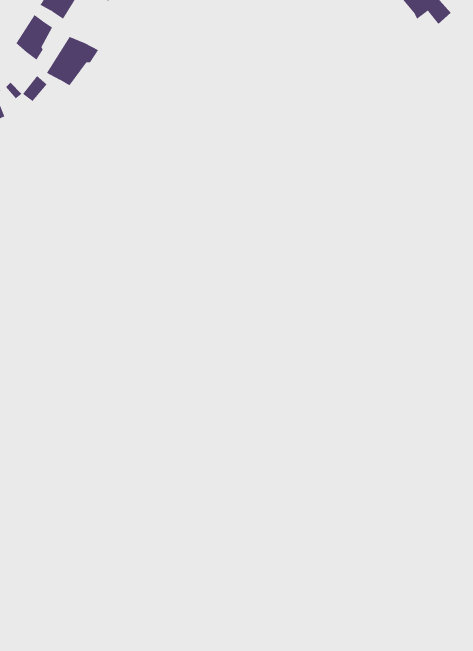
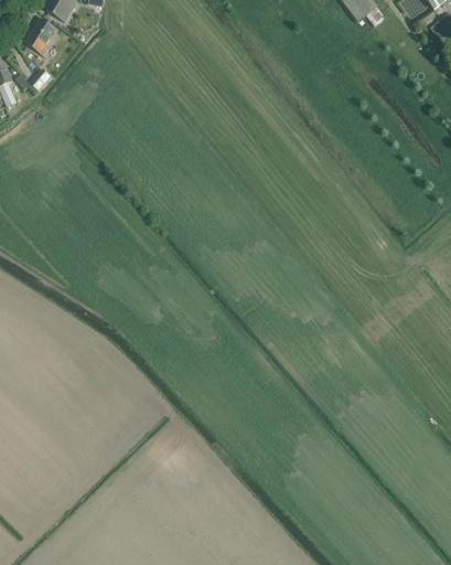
building: [46,36,99,86] -> none

